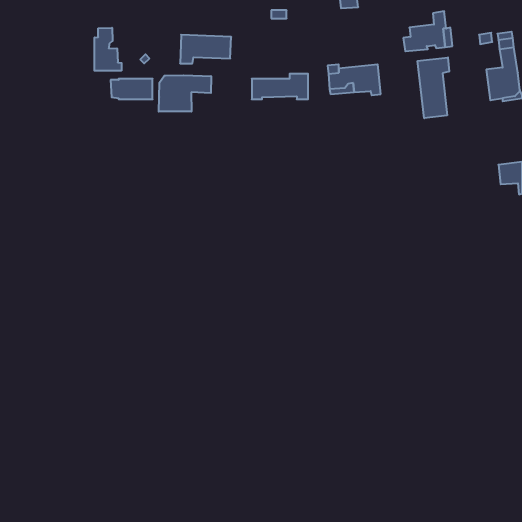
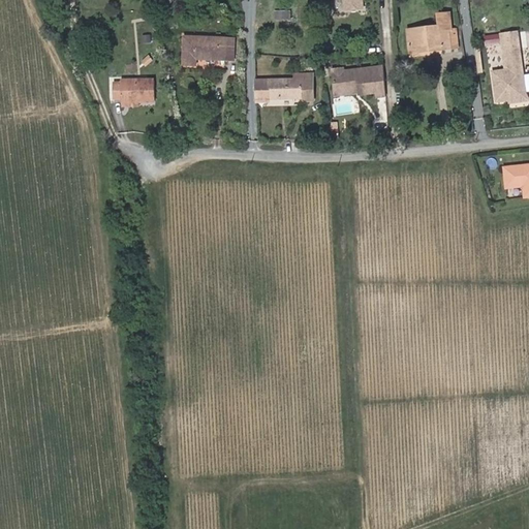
building: [94,28,122,71] -> none
building: [418,57,449,118] -> none
building: [159,75,211,112] -> none

